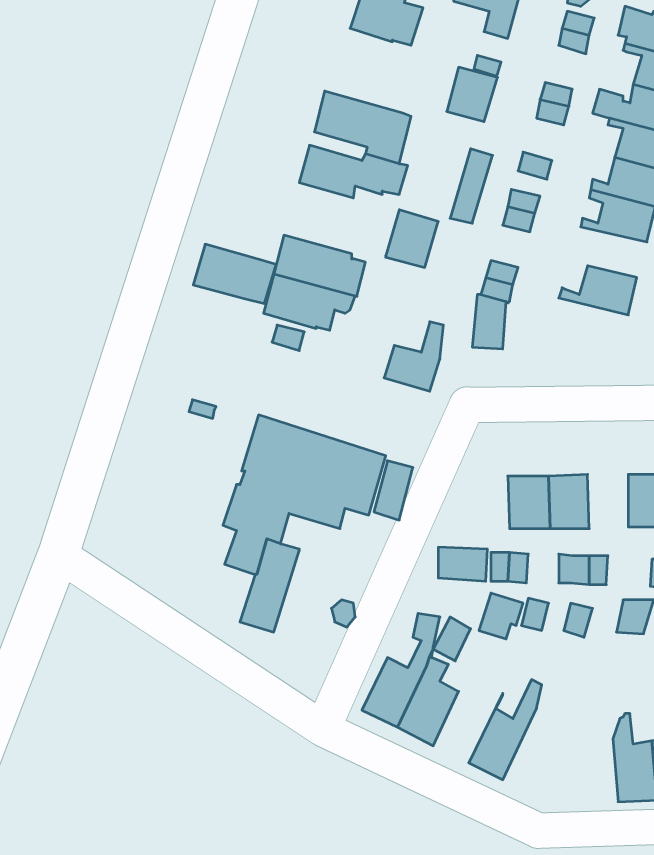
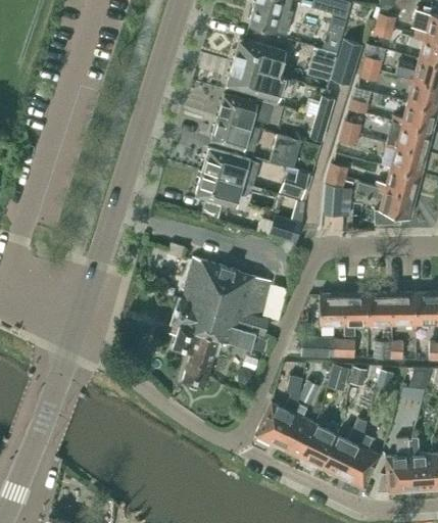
building: none -> [233,38,287,75]
building: none -> [331,40,361,86]
building: none -> [386,143,427,174]
building: [193,244,276,304] -> [210,116,260,152]
building: none -> [279,168,307,198]
building: none -> [355,182,416,223]
building: none -> [391,292,416,325]
building: none -> [319,293,344,326]
building: none -> [206,313,270,352]
building: none -> [340,419,380,487]
building: none -> [298,420,340,466]
building: none -> [378,437,410,491]

